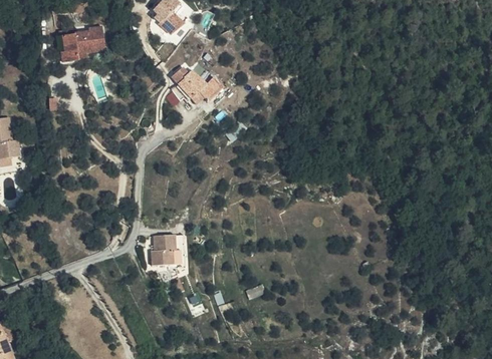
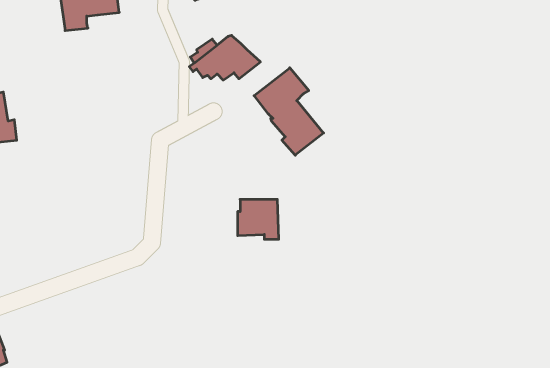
building: none -> [254,68,324,155]
building: [147,236,181,269] -> [238,199,279,239]

